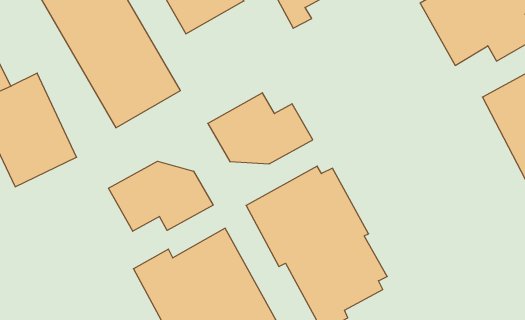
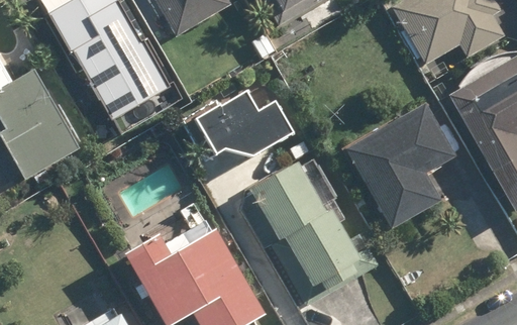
building: none -> [348,105,457,226]
building: [109,161,213,231] -> none

